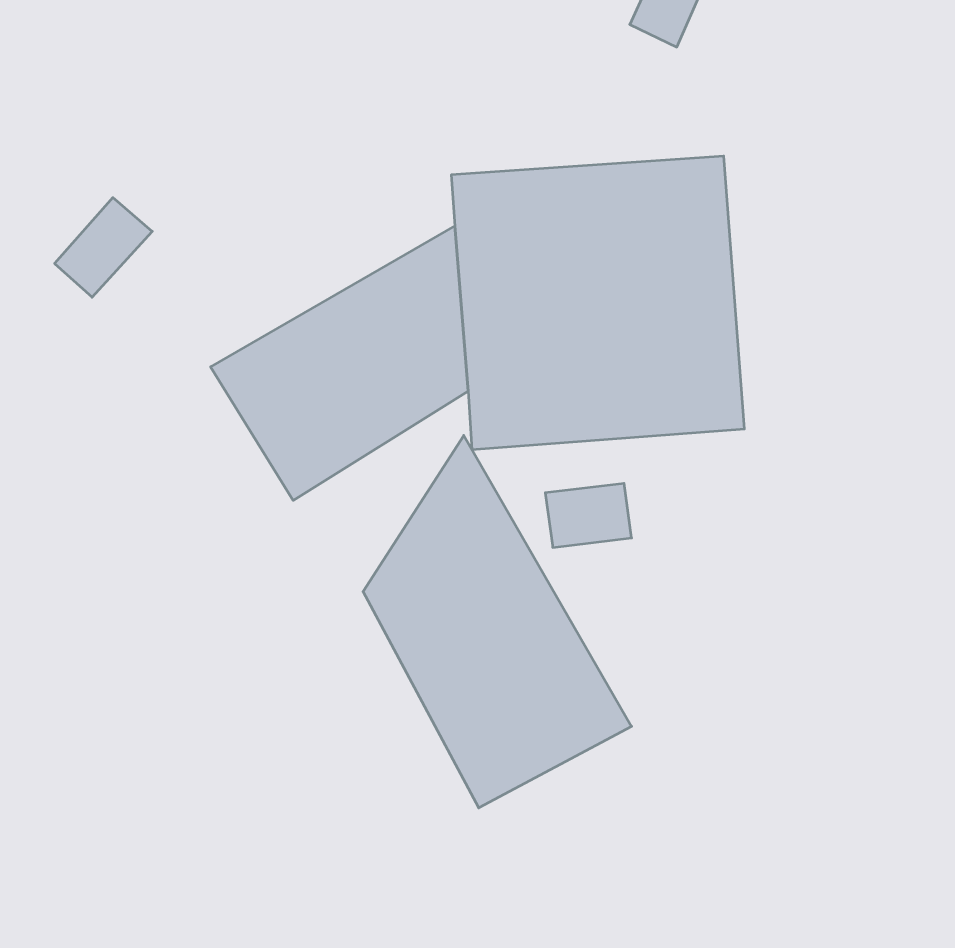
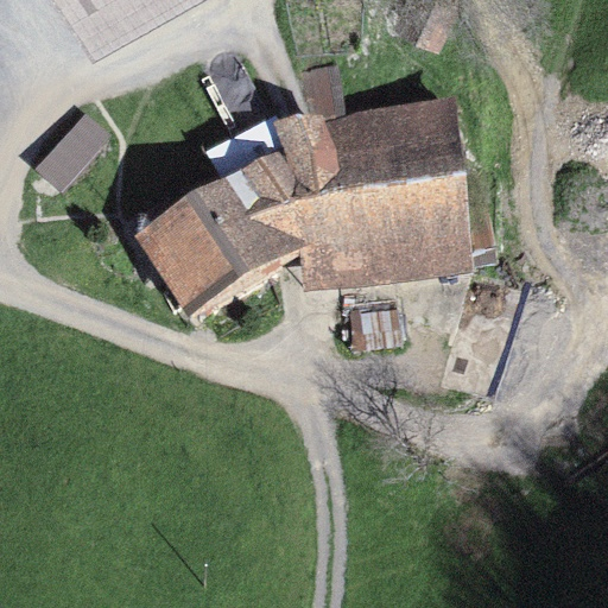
building: [363,435,632,808] -> none

